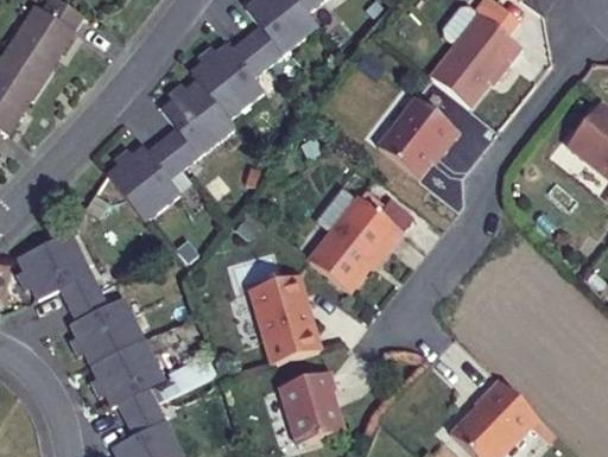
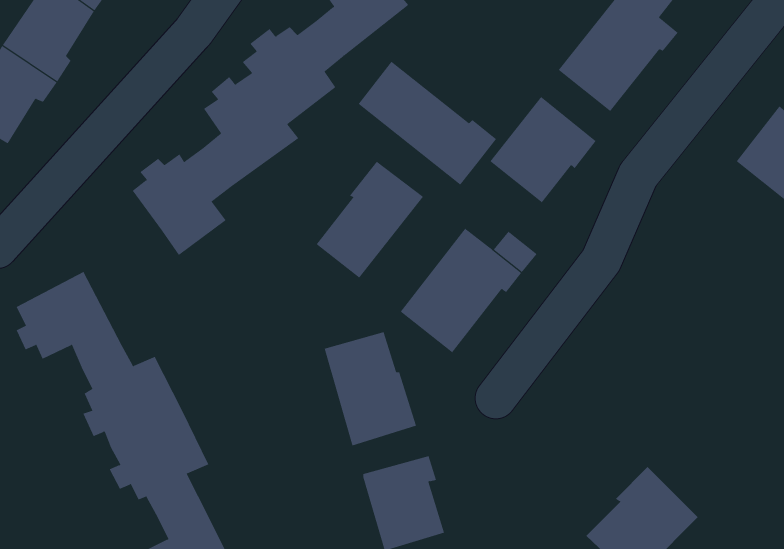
building: none -> [358,61,497,186]
building: none -> [316,161,424,279]

